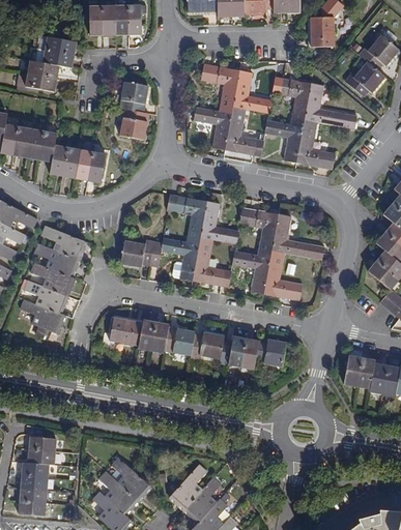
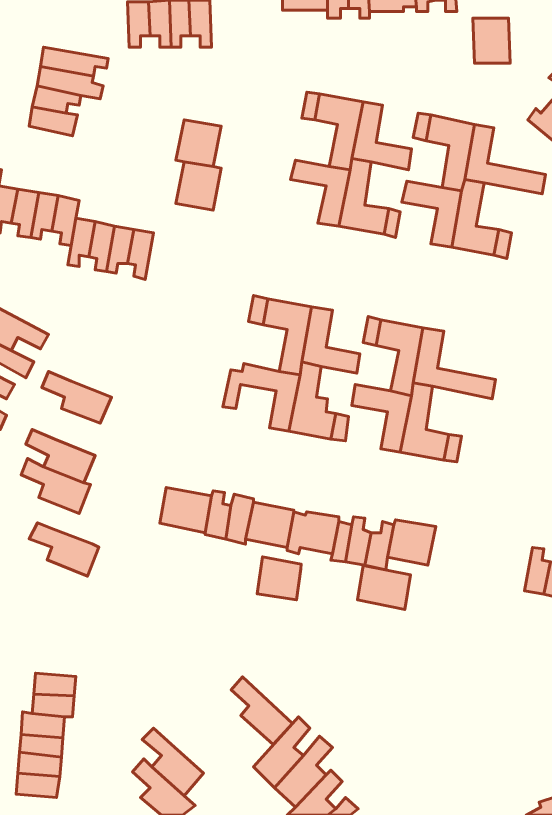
building: [40,225,85,259] -> none
building: [120,239,154,266] -> none
building: [30,262,75,296] -> [29,523,99,576]
building: none -> [257,557,301,600]
building: none -> [357,565,410,609]
building: [110,457,149,500] -> [231,677,292,745]

